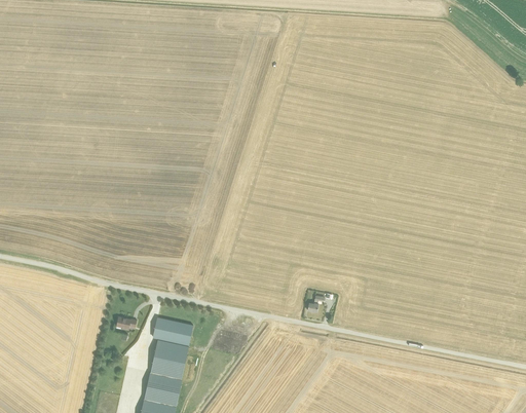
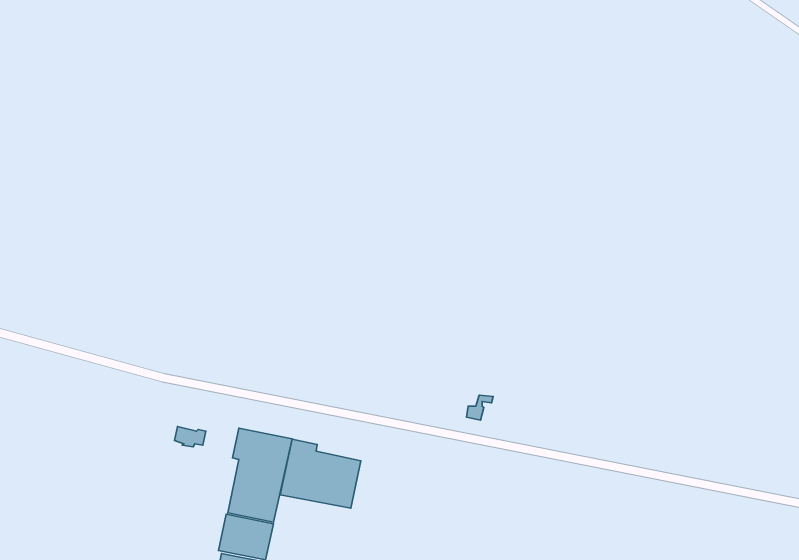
building: none -> [280,439,361,508]

